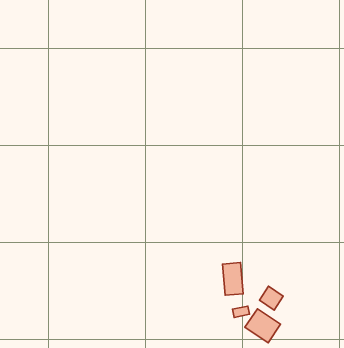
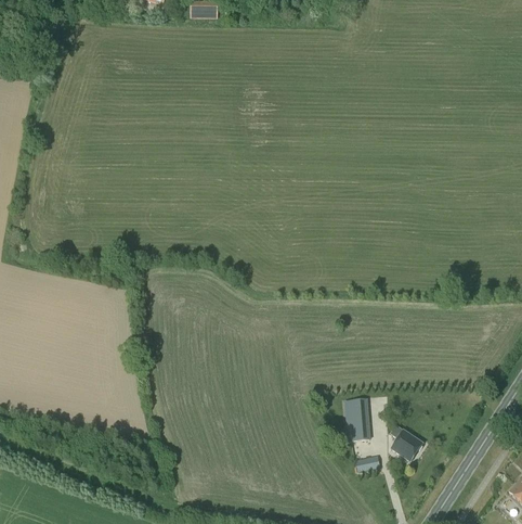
building: [245,309,281,343] -> none

